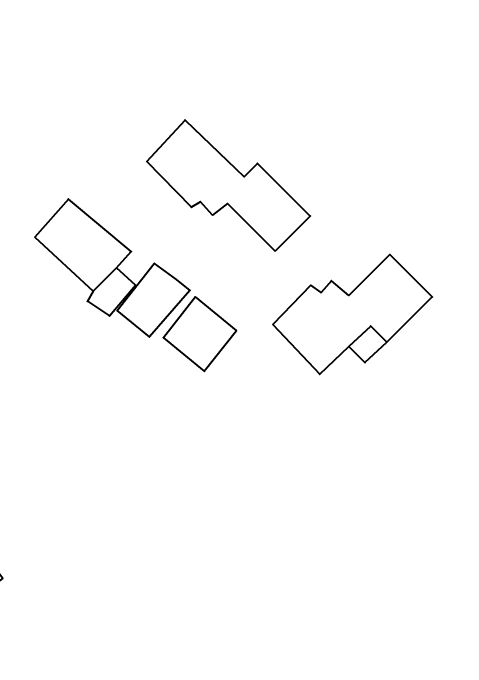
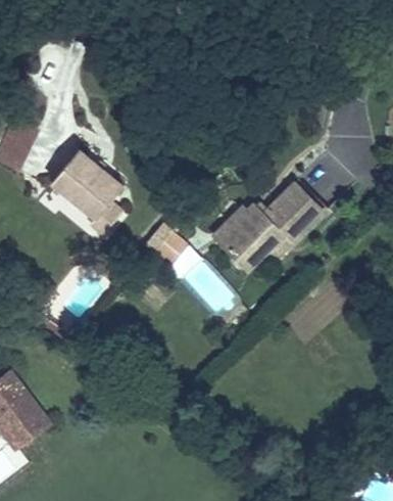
building: [147,120,310,251] -> none
building: [117,263,190,337] -> none

